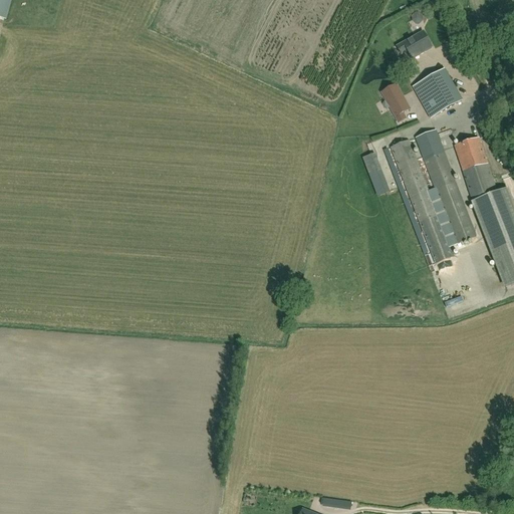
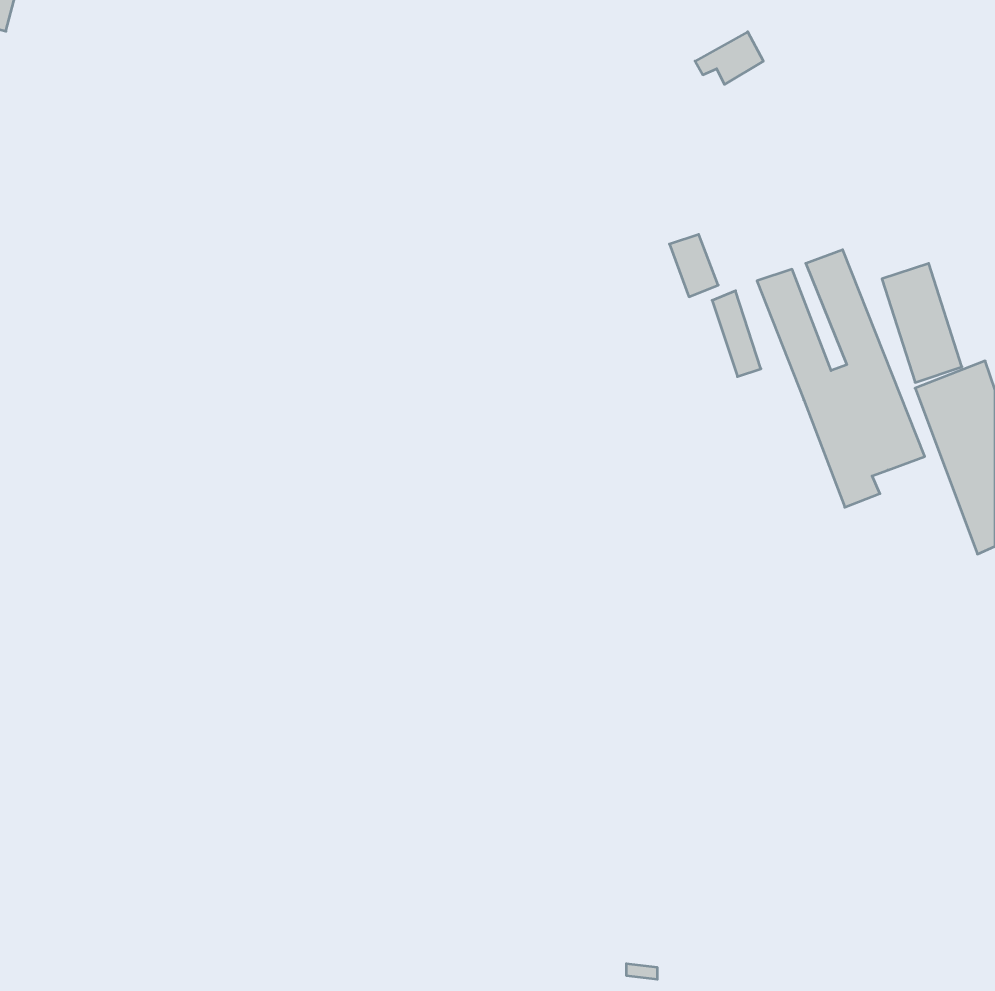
building: [396,29,431,56] -> [695,32,763,84]
building: [418,67,461,113] -> none
building: [381,87,407,119] -> [669,234,718,297]

